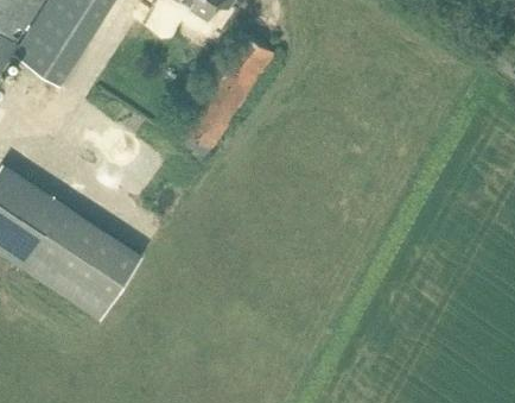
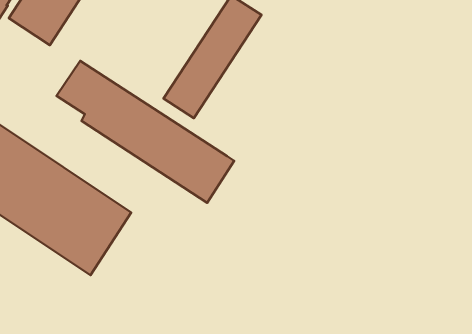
building: none -> [57,61,234,203]

